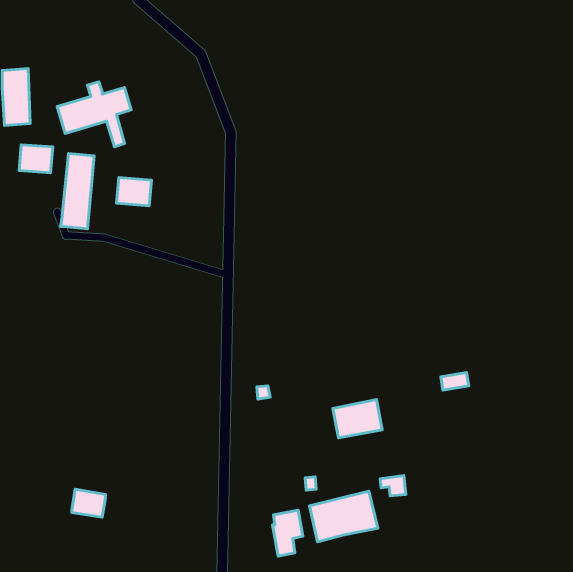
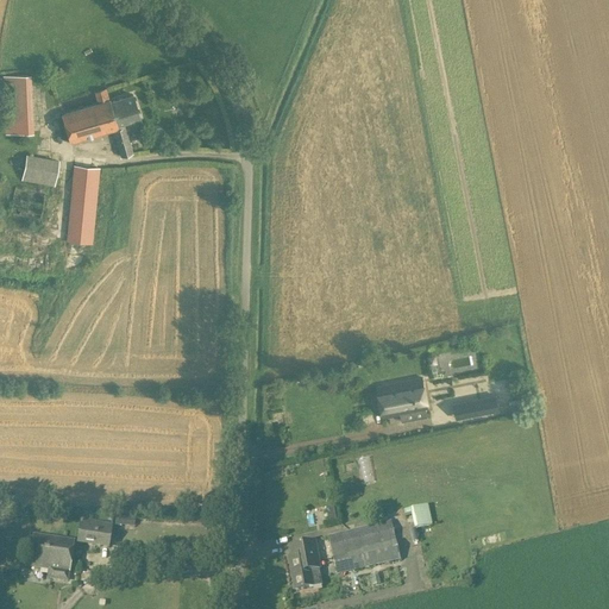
building: [116,178,151,206] -> none
building: [333,400,382,438] -> [376,376,428,416]
building: none -> [29,534,74,572]

